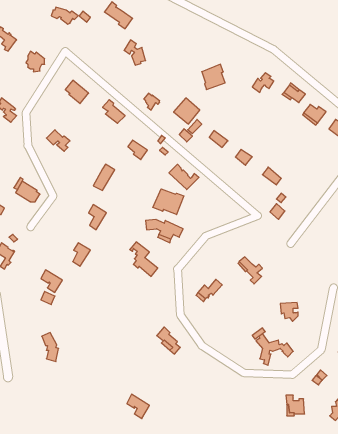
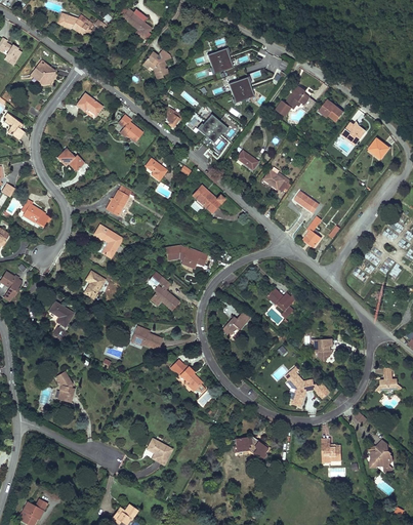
building: none -> [206,48,233,75]
building: [153,189,184,215] -> none
building: none -> [128,325,161,350]
building: none -> [235,434,271,458]

